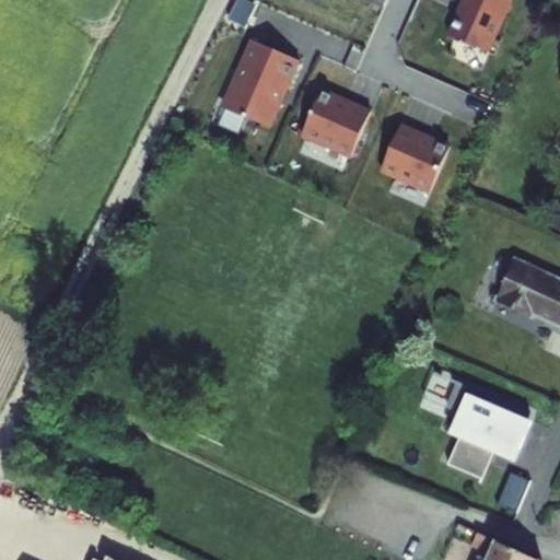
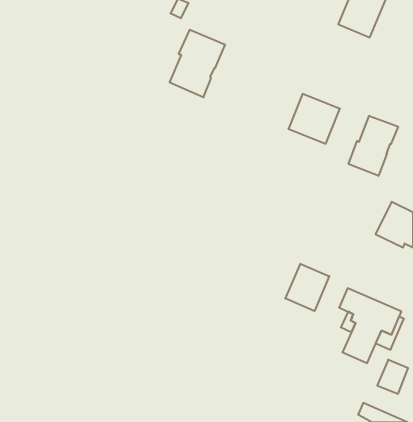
building: [300,90,368,155] -> none
building: none -> [349,116,398,176]
building: none -> [285,264,329,311]

